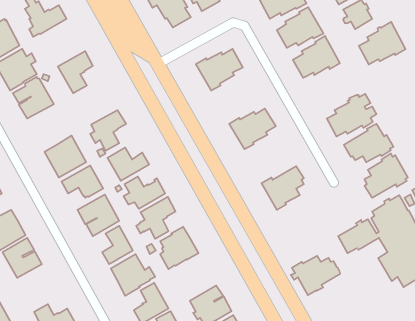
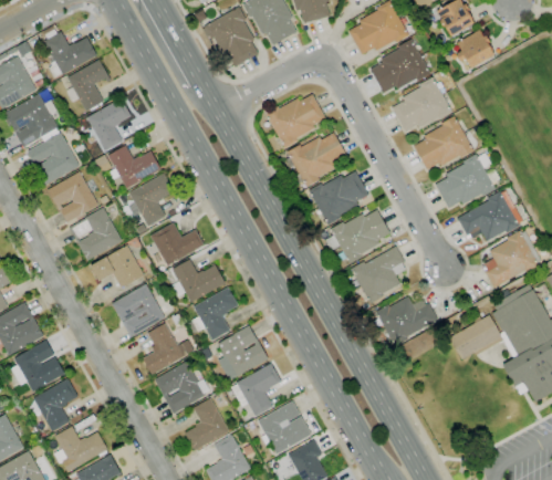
building: [359,22,406,64] -> [414,115,475,170]
building: none -> [66,60,112,111]
building: none -> [285,133,347,187]
building: none -> [107,145,162,189]
building: none -> [48,171,98,223]
building: none -> [326,210,390,264]
building: none -> [231,363,282,417]
building: [291,256,340,295] -> [374,296,438,347]
building: none -> [32,378,79,431]

